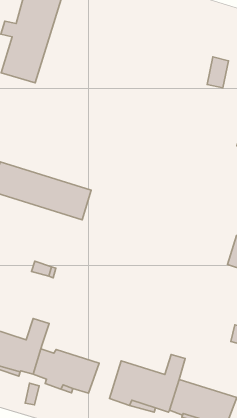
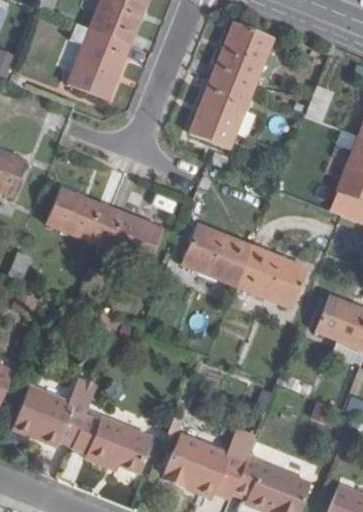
building: none -> [190,24,269,148]
building: none -> [181,226,306,307]

